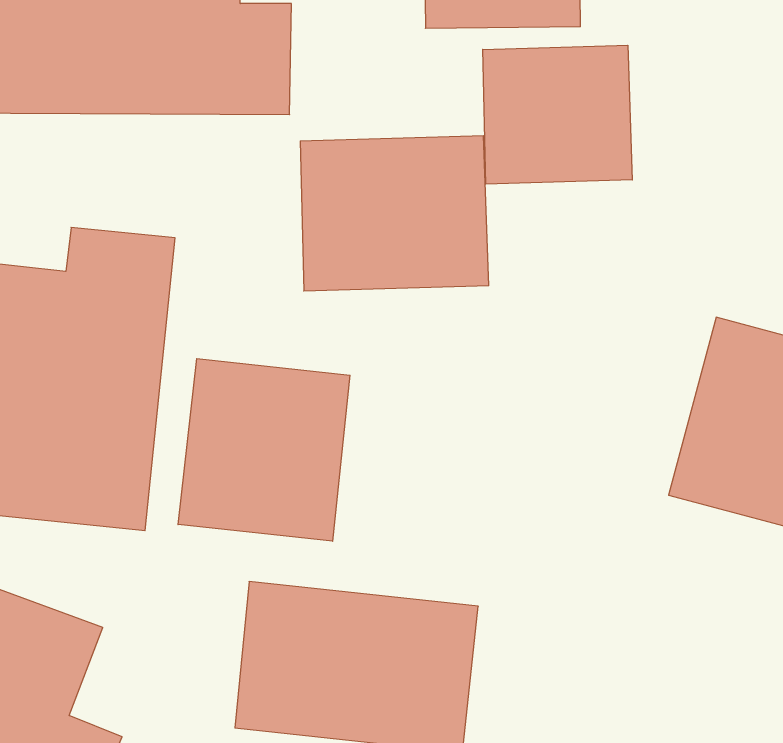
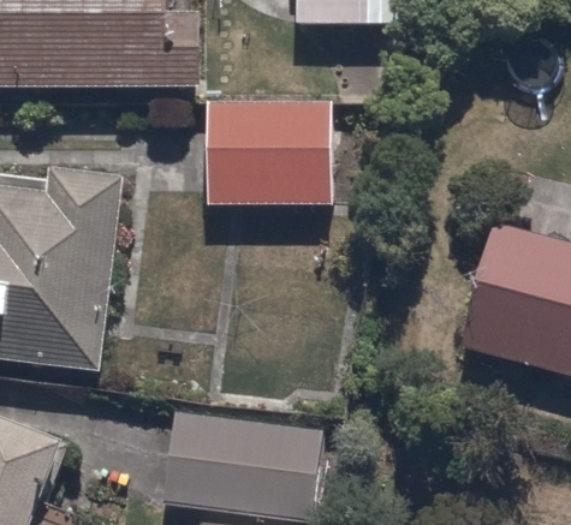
building: [483,45,632,184] -> none
building: [178,359,350,541] -> none

